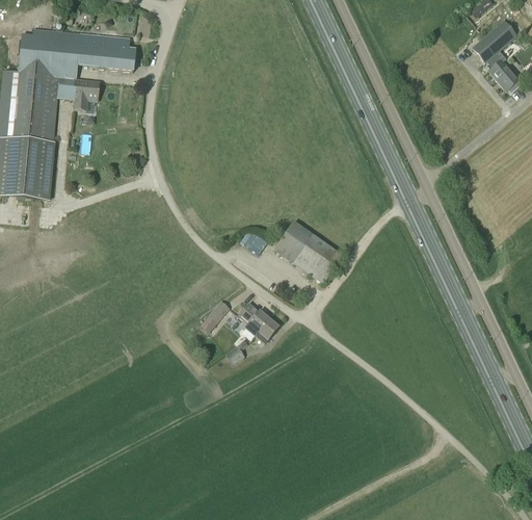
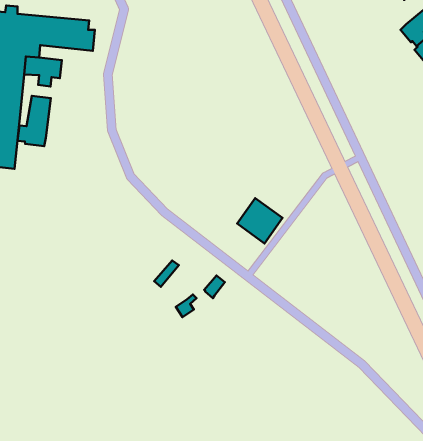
building: none -> [18,96,51,146]
building: [274,220,313,261] -> none
building: [239,305,270,336] -> none

